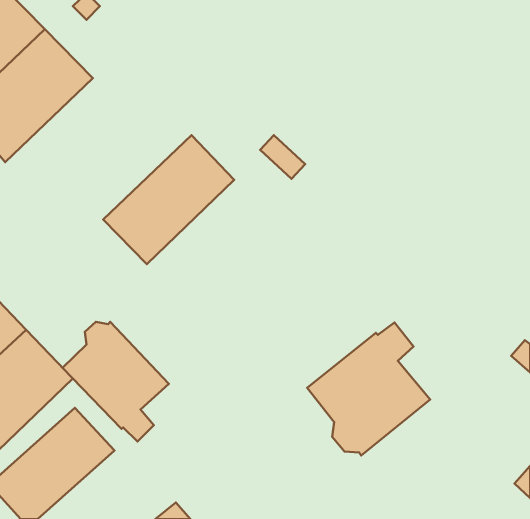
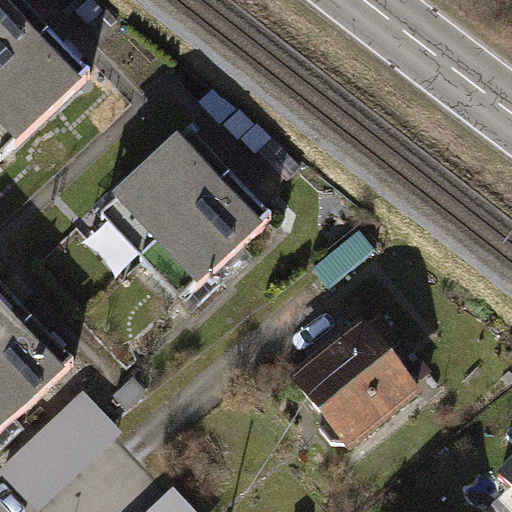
building: none -> [141,173,271,301]
building: [63,322,169,441] -> none

